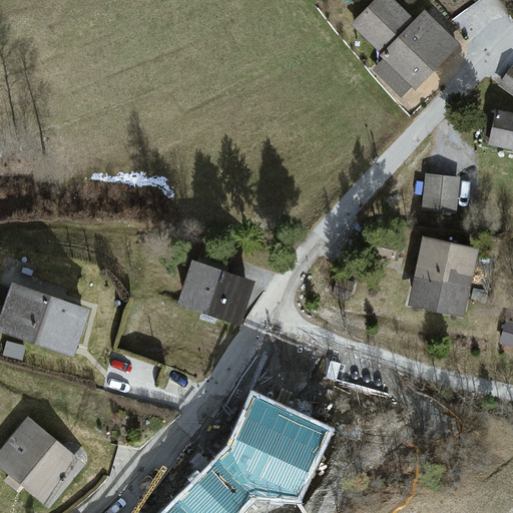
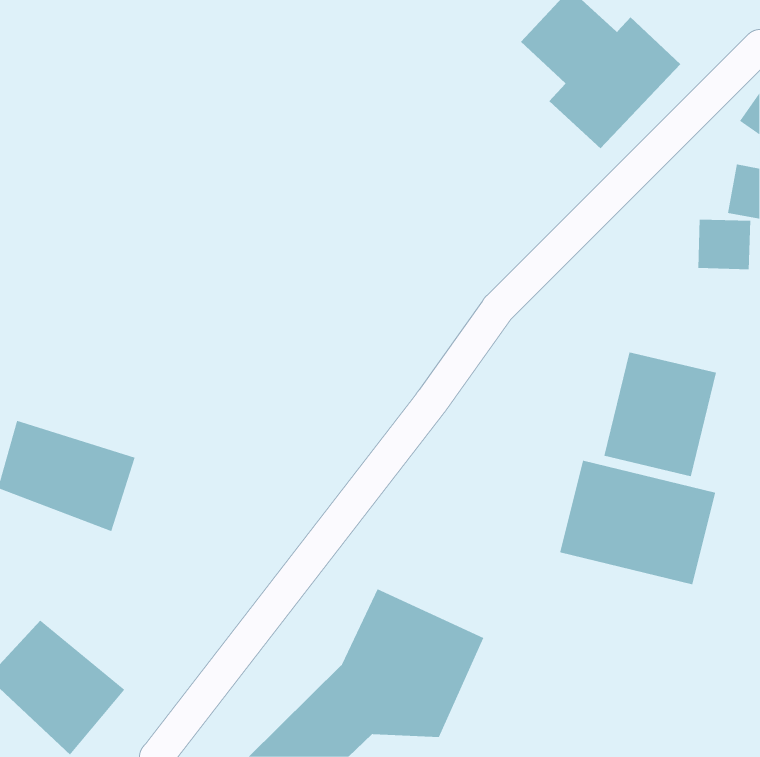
building: [423,167,459,201] -> [697,219,751,270]
building: [179,262,255,323] -> none
building: none -> [559,460,716,585]

